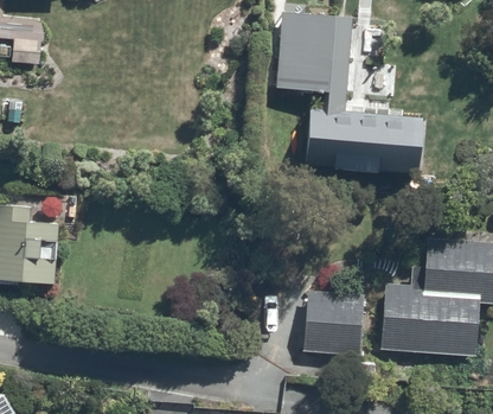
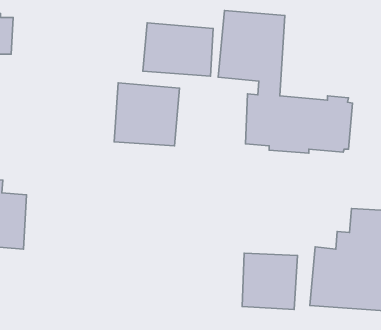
building: none -> [143,23,213,76]
building: none -> [114,83,179,146]

